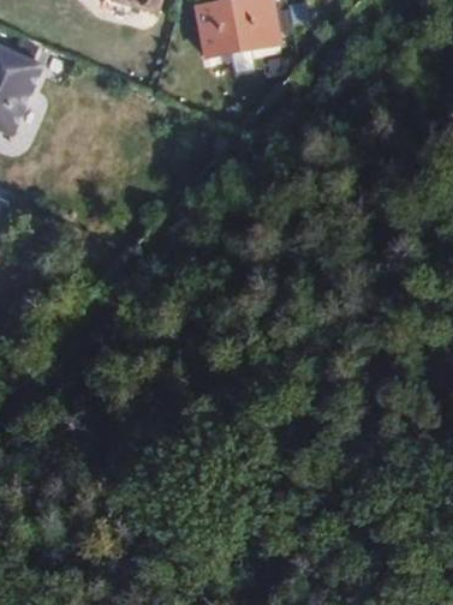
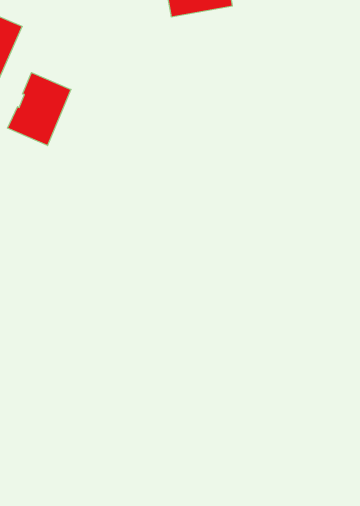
building: none -> [8,73,71,146]

